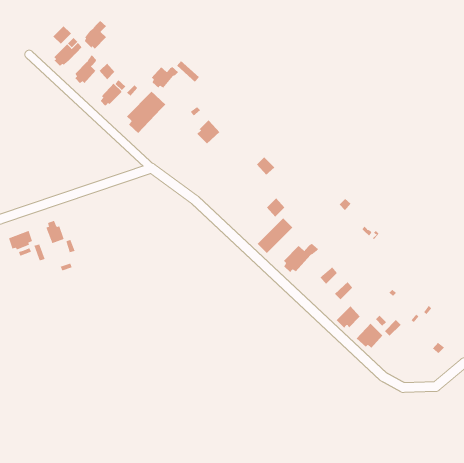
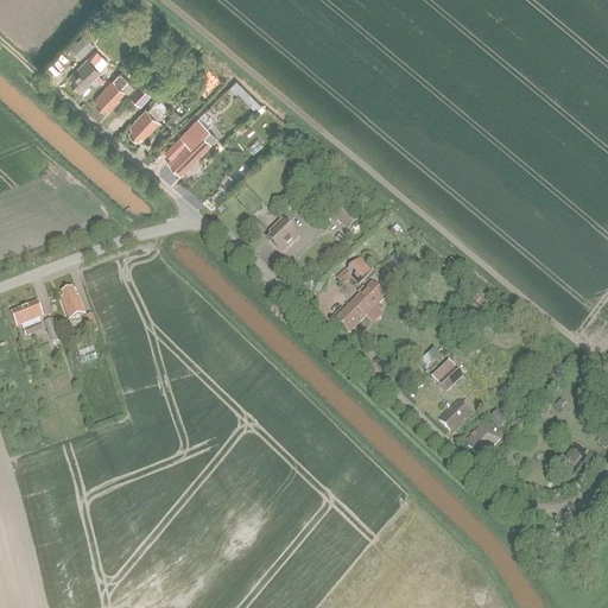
building: [84,20,107,49] -> none
building: [151,66,179,89] -> none
building: [197,119,220,145] -> [267,220,298,253]
building: [283,243,319,273] -> none

